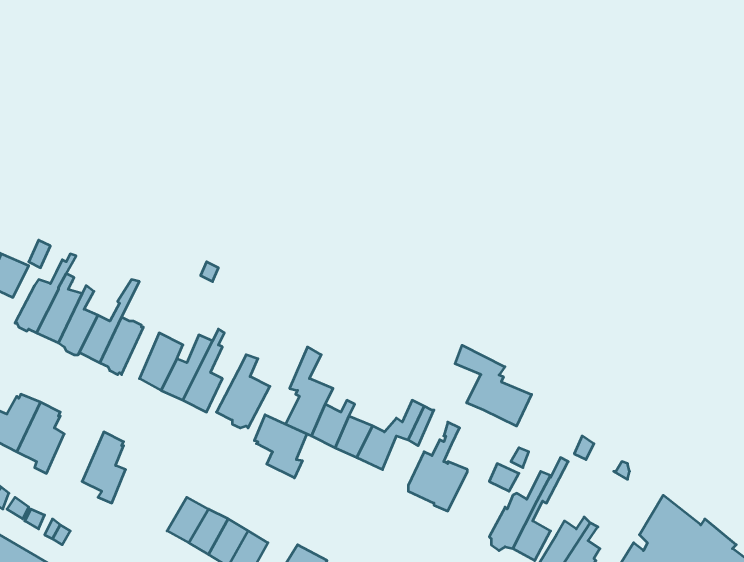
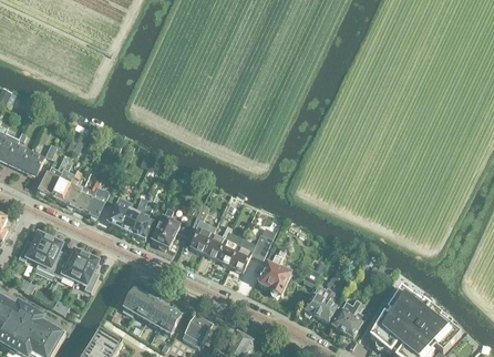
building: [455,345,532,426] -> none
building: [254,415,307,478] -> none
building: none -> [55,247,88,279]

